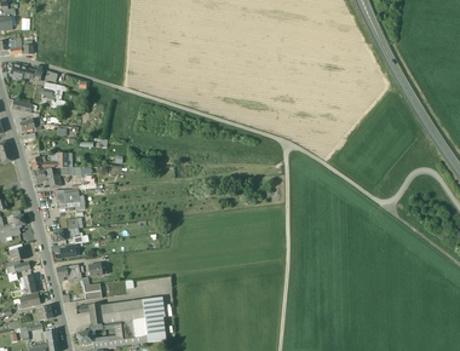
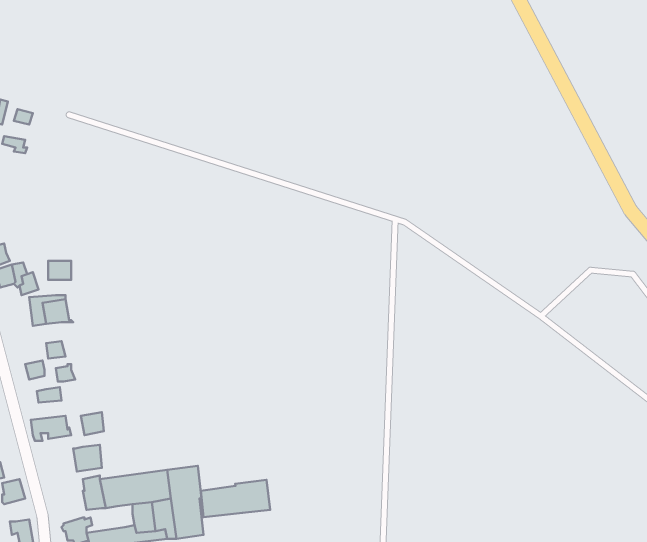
building: none -> [201,480,270,517]

